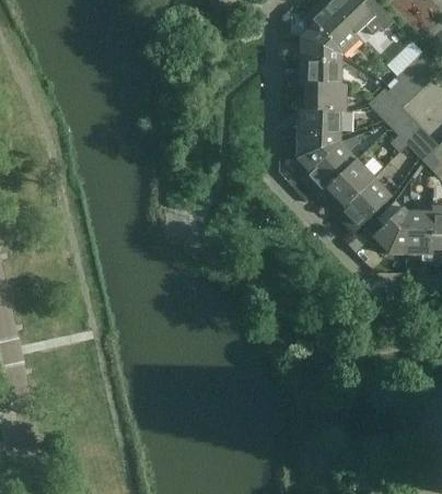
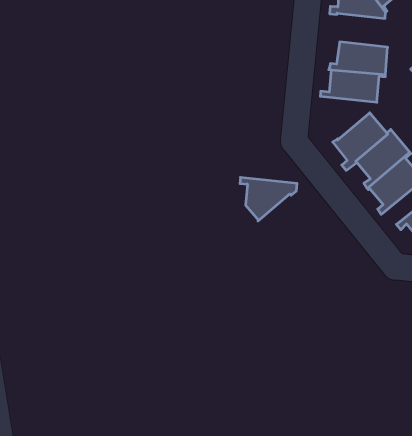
building: [292,57,347,83] -> none
building: [291,131,341,168] -> [240,177,297,221]

